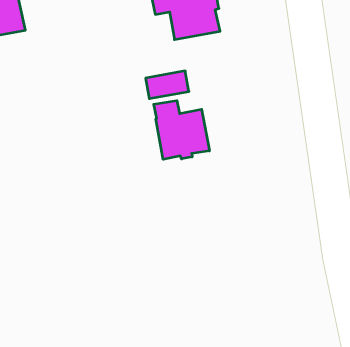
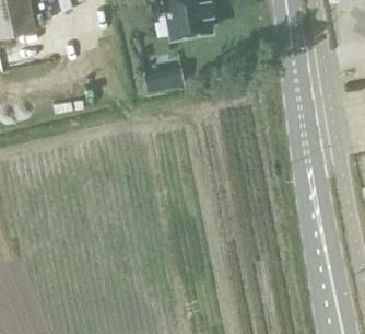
building: [154,101,209,159] -> none

